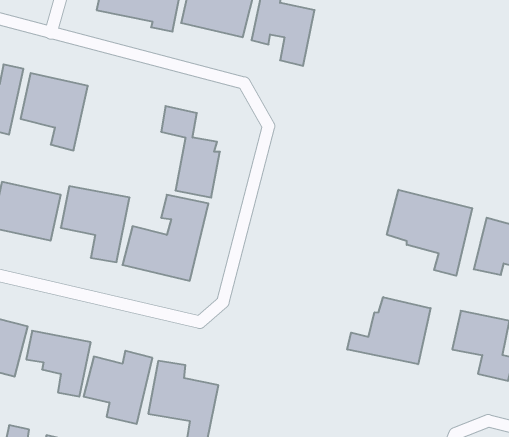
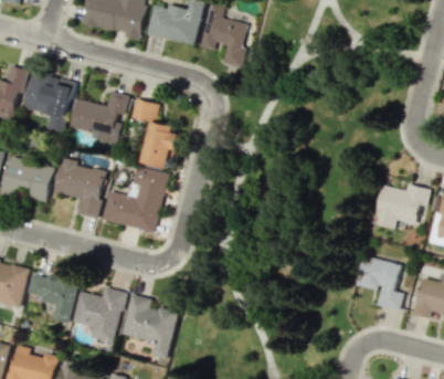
building: none -> [71,92,128,145]
building: [387,190,472,276] -> none
building: [347,297,431,364] -> none

